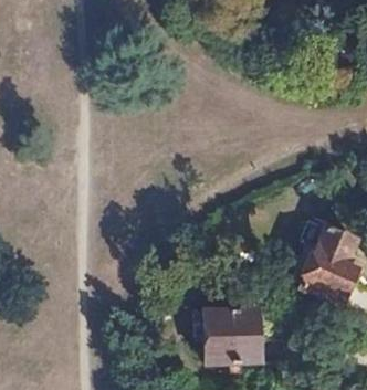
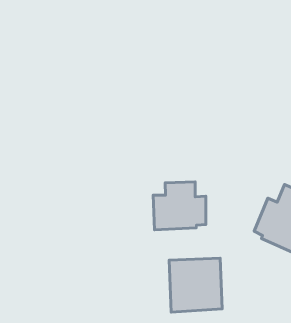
building: none -> [153,182,206,230]

